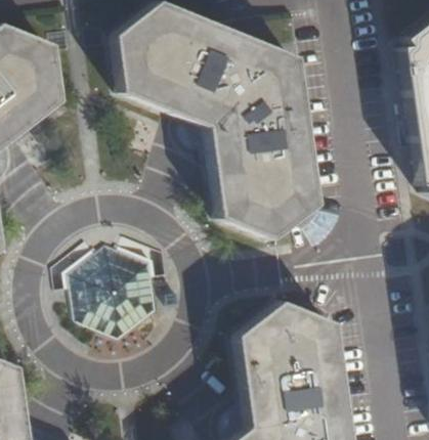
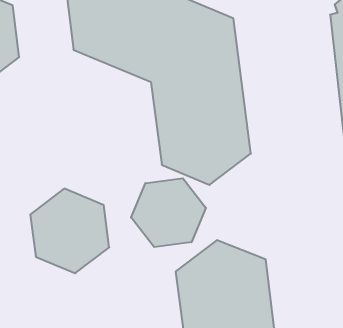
building: none -> [131,178,206,247]

